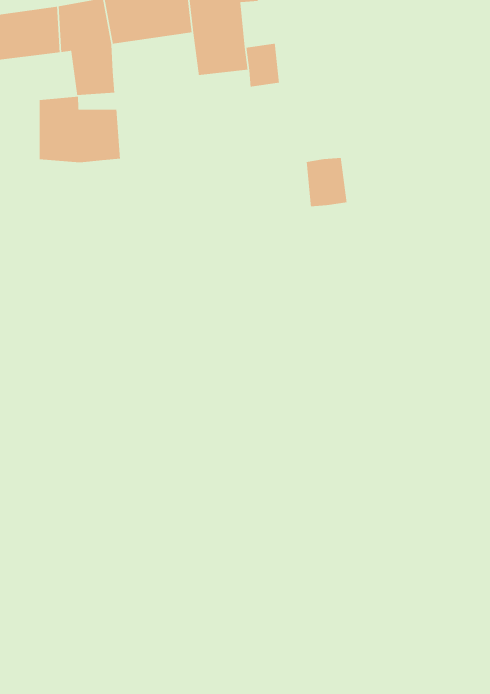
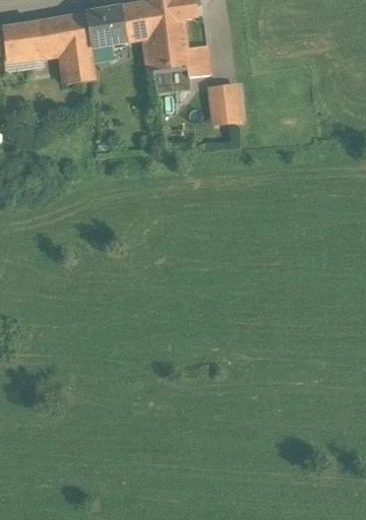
building: none -> [151,65,189,92]
building: [39,96,121,163] -> none
building: [306,157,347,207] -> [208,85,238,121]

